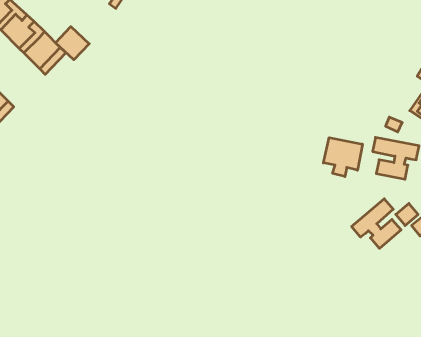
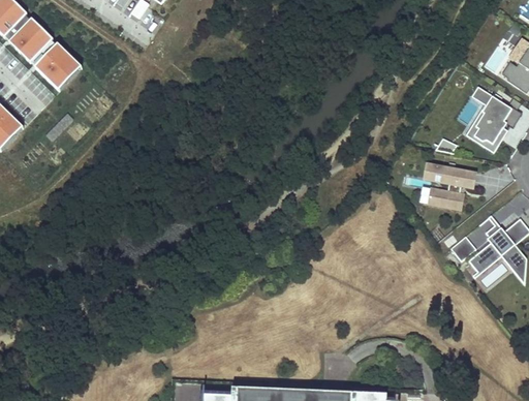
building: [55,27,89,60] -> none
building: [323,138,362,177] -> none
building: [352,199,401,248] -> none

